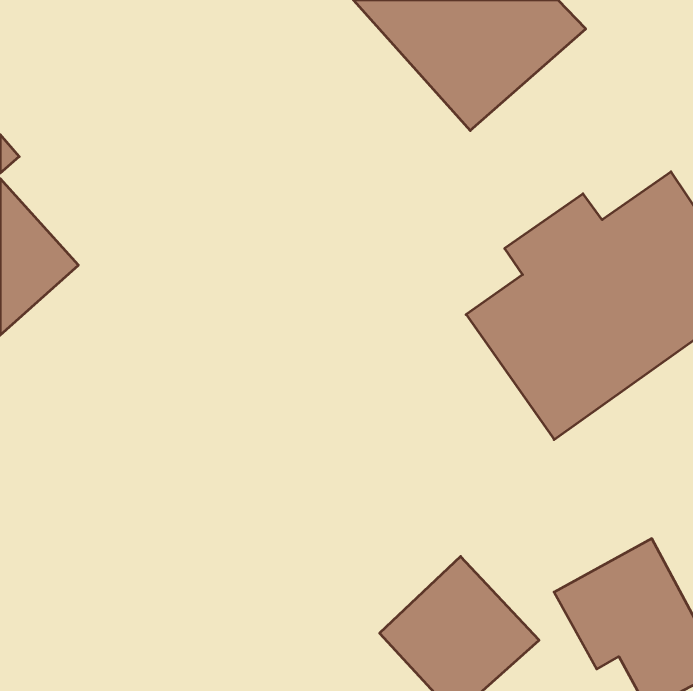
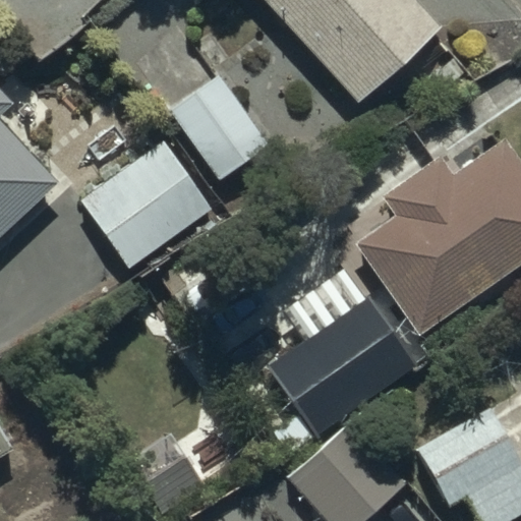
building: none -> [169,71,287,197]
building: none -> [81,140,213,268]
building: none -> [270,294,418,435]

